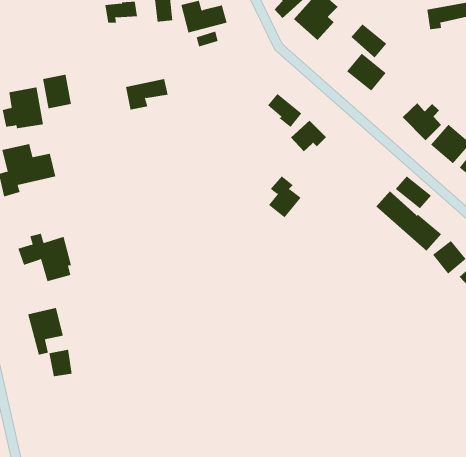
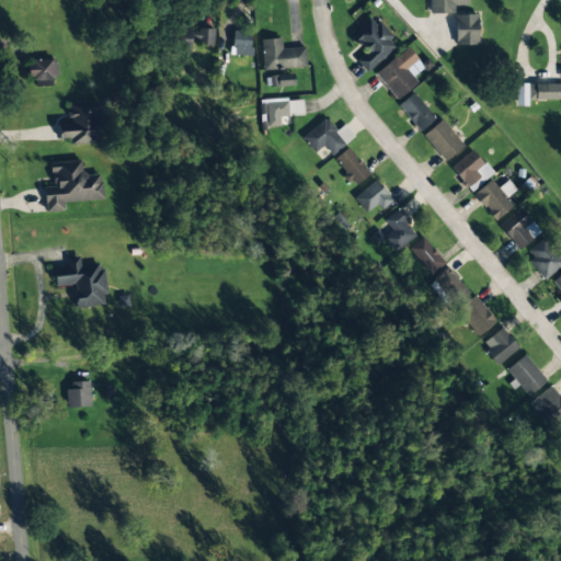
building: [350,24,387,58] -> [400,92,437,130]
building: none -> [304,116,356,154]
building: [43,74,71,109] -> none
building: none -> [453,148,495,191]
building: [125,79,168,110] -> [262,98,306,125]
building: [268,176,302,218] -> [381,207,417,252]
building: [395,176,432,209] -> [410,237,447,274]
building: [28,307,64,356] -> none

